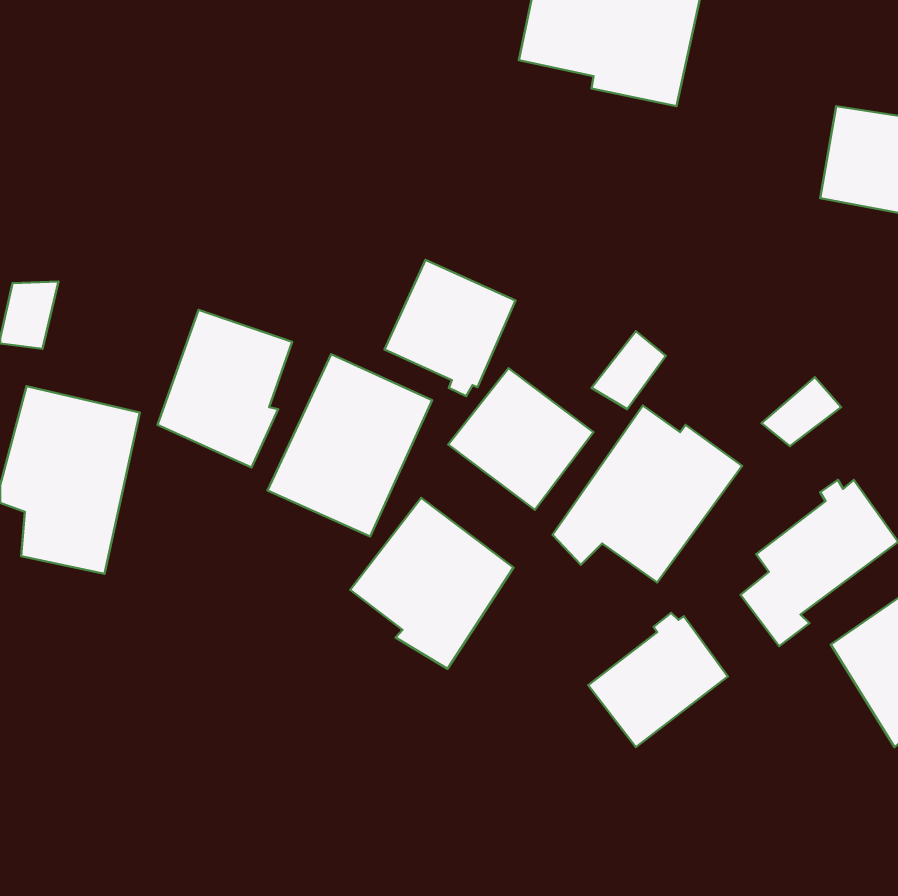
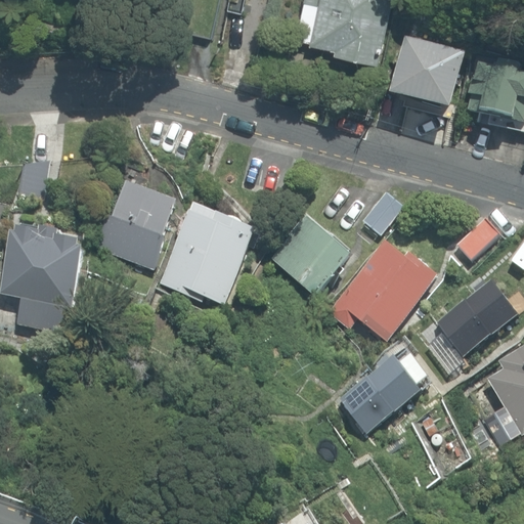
building: none -> [403,39,480,106]
building: [384,260,515,396] -> none
building: [350,498,514,669] -> none

